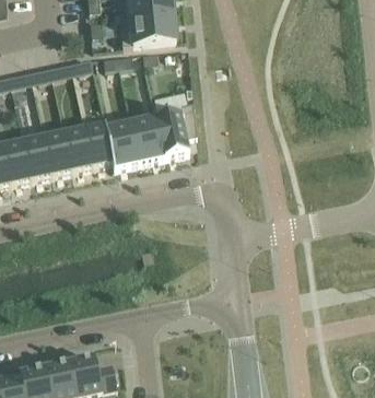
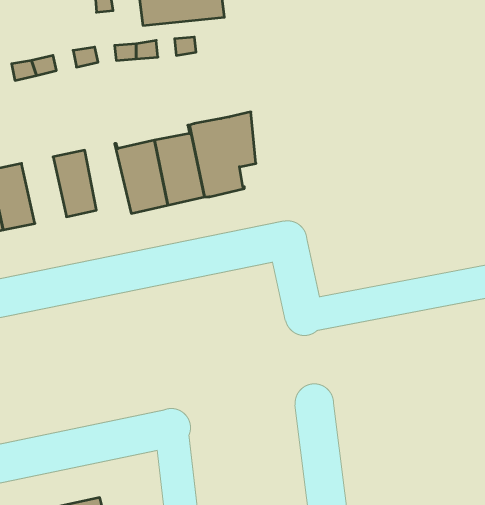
building: [84,121,115,167] -> none
building: [43,130,72,174] -> none

